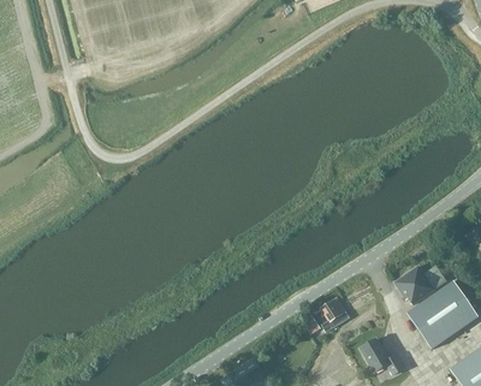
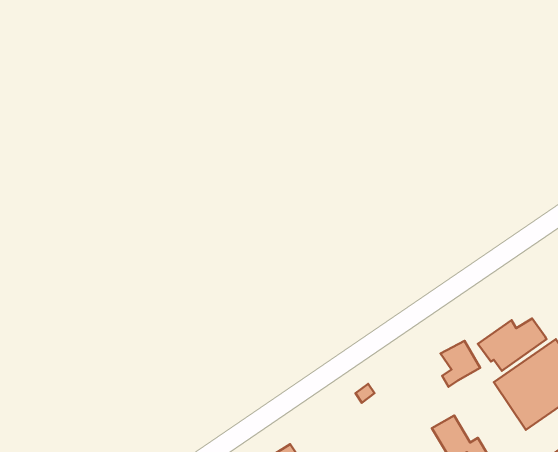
building: [320,298,350,333] -> [440,341,480,387]

